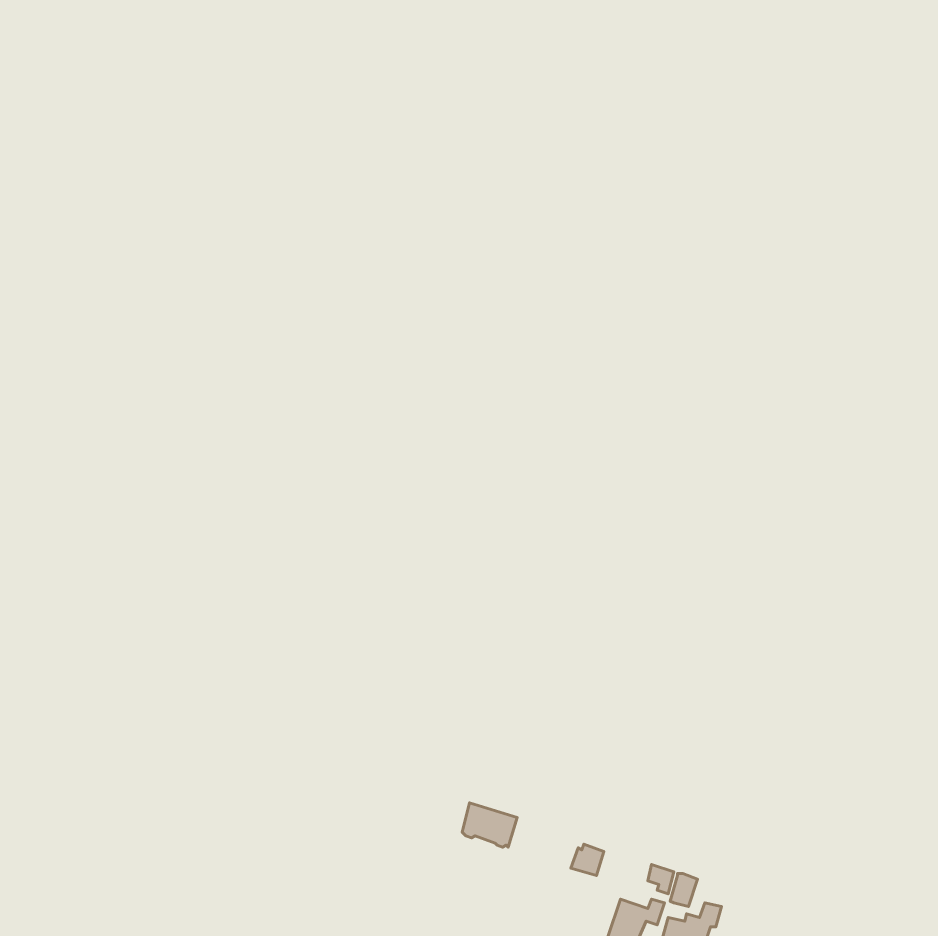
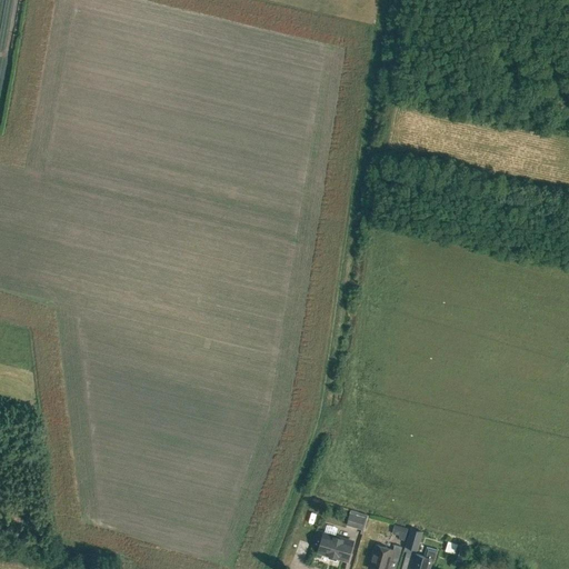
building: [462,803,517,847] -> [319,535,352,561]

